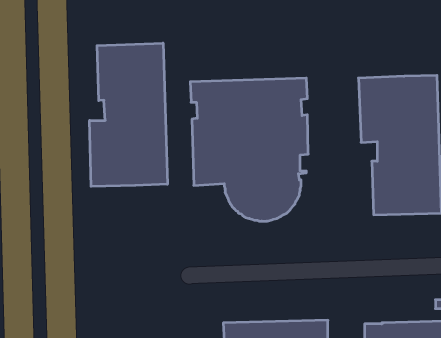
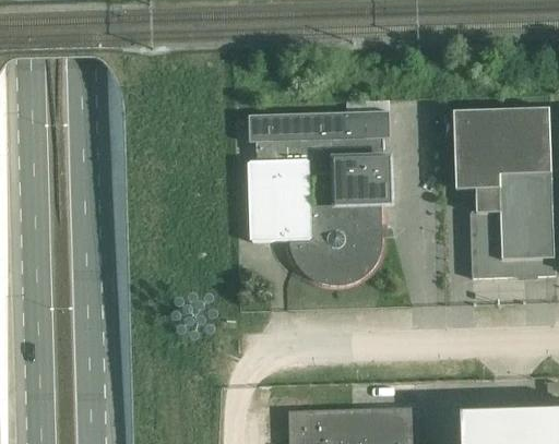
building: [90,43,167,186] -> none

